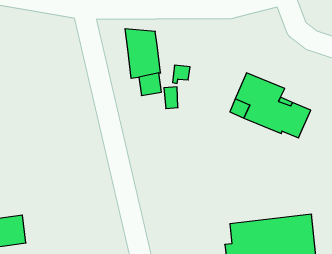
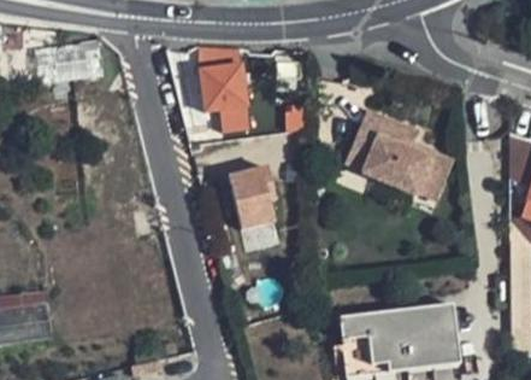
building: none -> [234,163,278,245]

